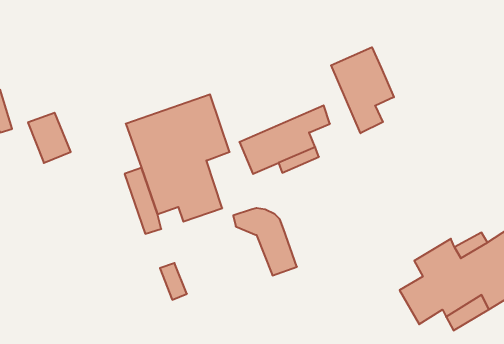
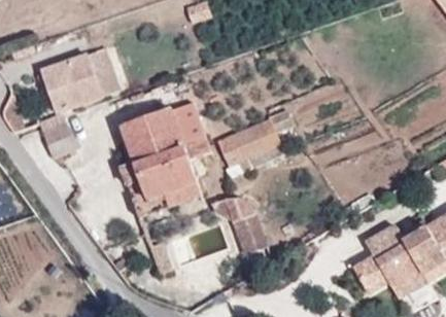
building: none -> [41,47,119,112]
building: [331,47,394,133] -> none

